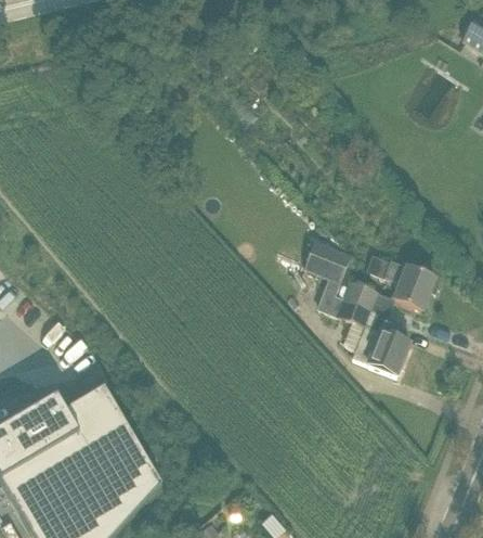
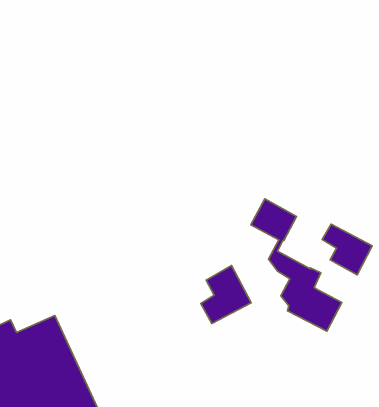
building: [332,276,376,305] -> none
building: none -> [201,266,251,323]

